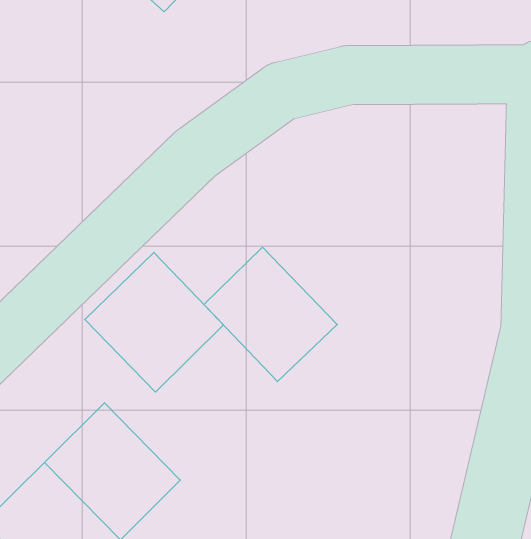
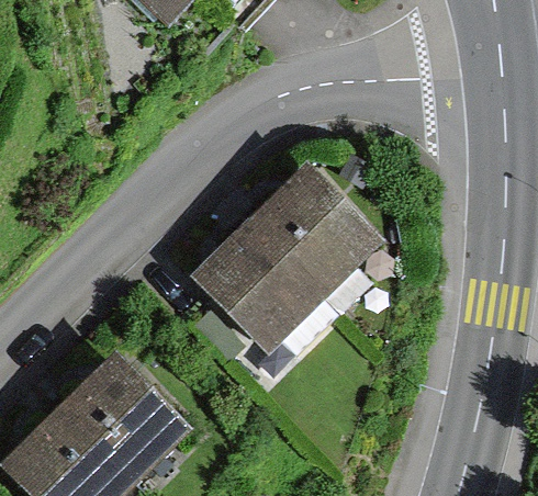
building: none -> [250,171,369,290]
building: [85,252,223,392] -> none

